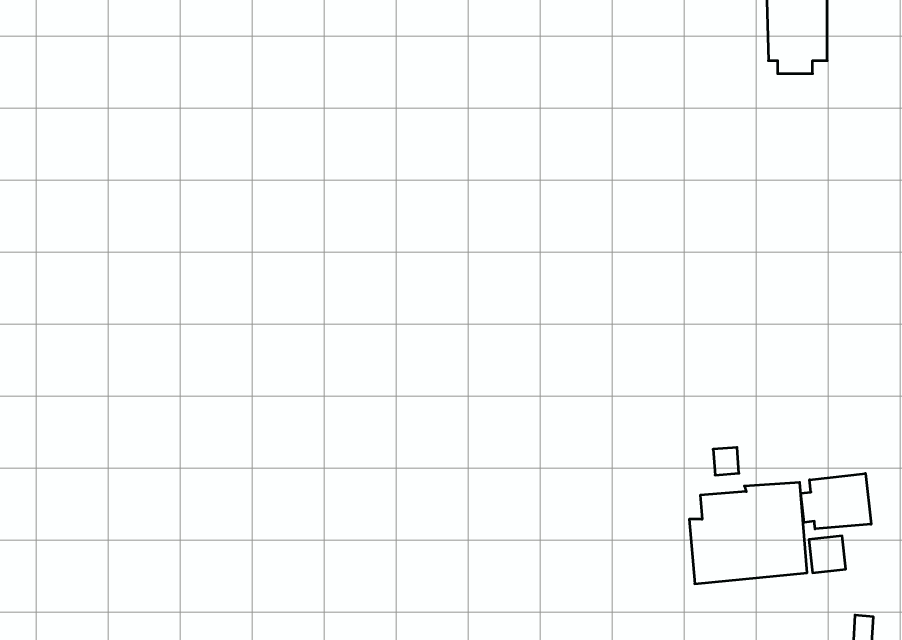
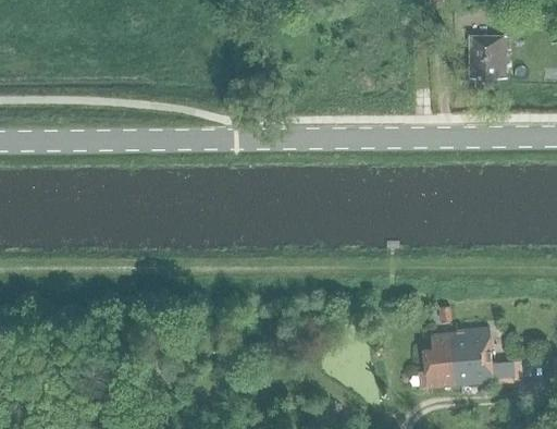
building: [801,473,871,529] -> none

